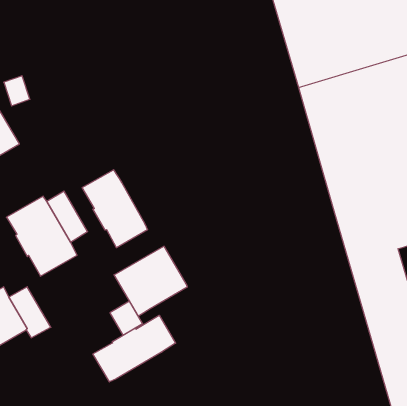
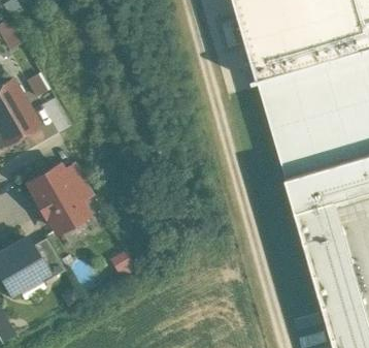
building: [82,170,147,248] -> none
building: [114,246,187,316] -> none
building: [93,315,176,382] -> none

